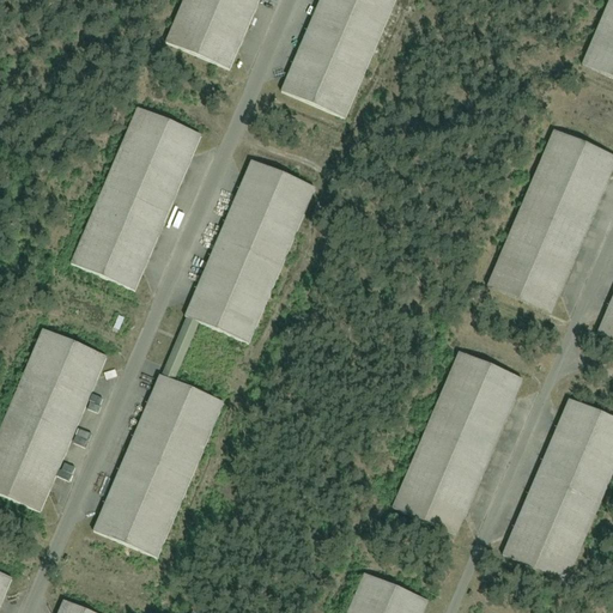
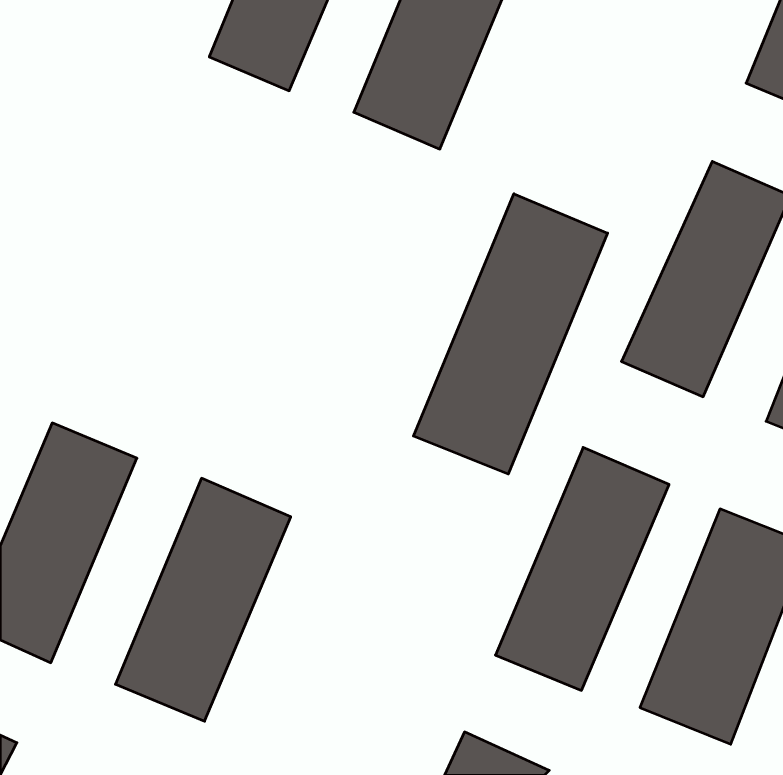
building: [73,103,204,284] -> none
building: none -> [413,194,608,474]
building: [183,154,320,345] -> none

